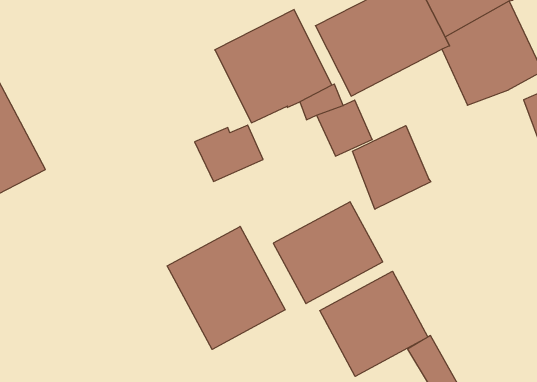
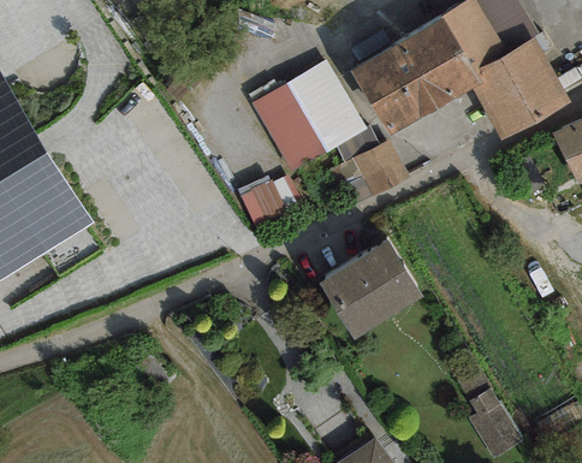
building: [353,126,431,209] -> none
building: [167,226,285,349] -> none
building: [320,271,428,376] -> none

